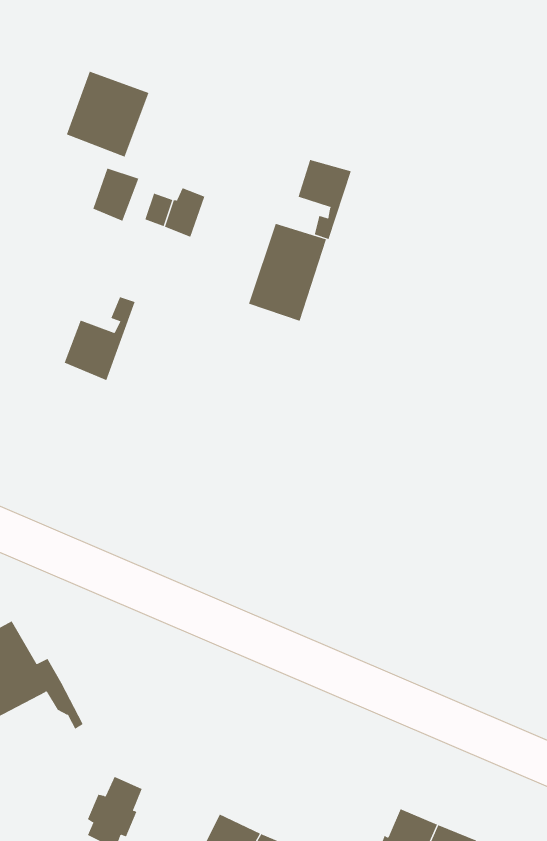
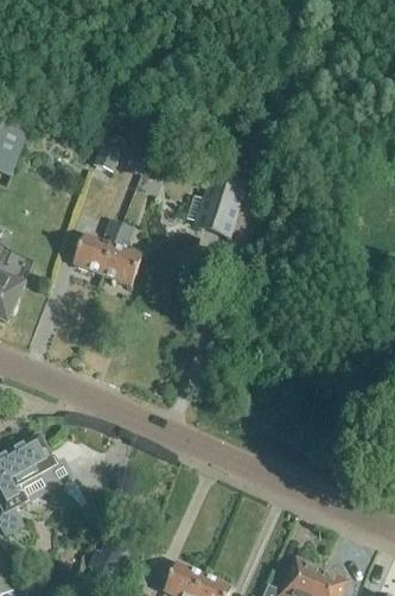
building: [66,71,149,157] -> none
building: [298,159,351,240] -> none
building: none -> [102,223,142,286]

